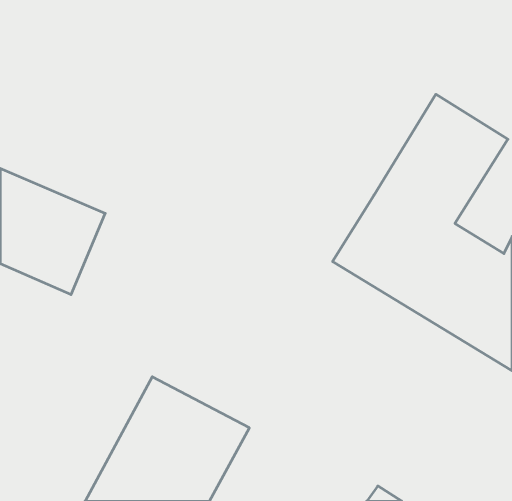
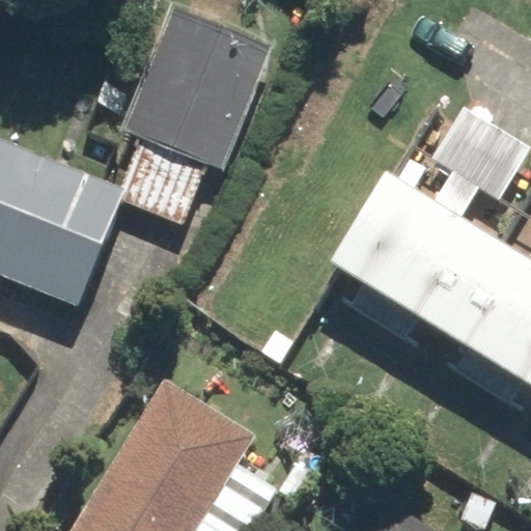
building: none -> [108,15,264,225]

